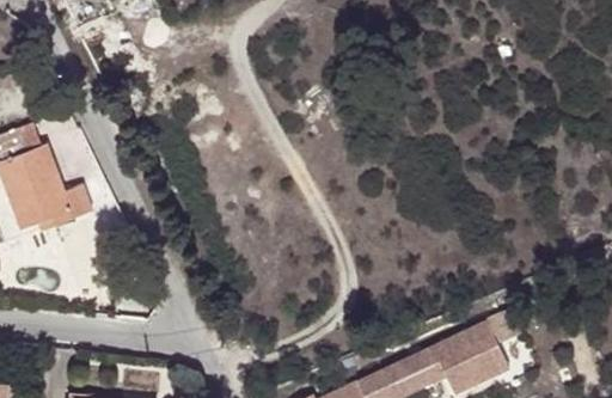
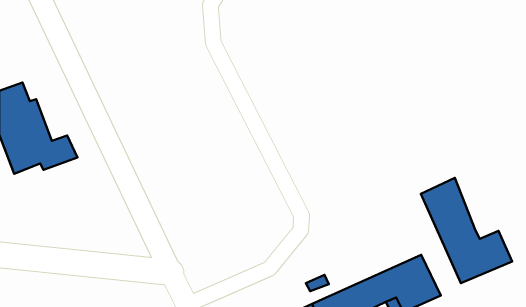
building: none -> [421,178,512,283]

